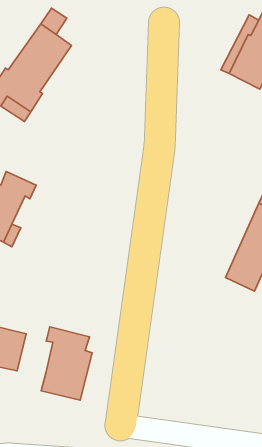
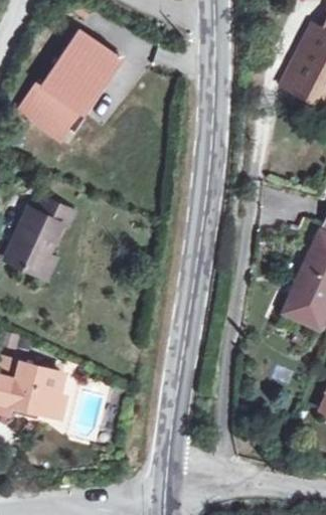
building: [41,327,92,400] -> none

